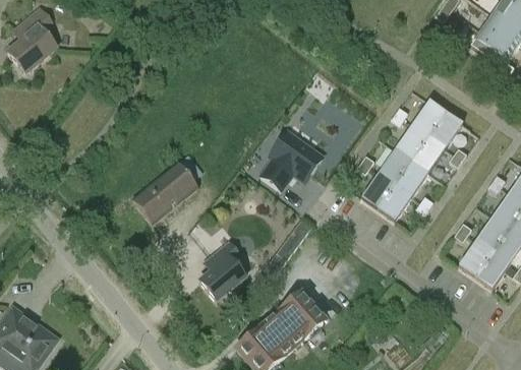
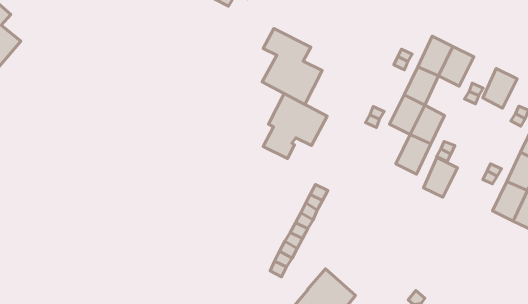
building: none -> [262,28,322,104]
building: [412,135,446,172] -> [483,69,517,108]
building: [132,152,202,223] -> none
building: [361,172,395,208] -> [423,158,458,197]
building: [199,240,245,300] -> none

